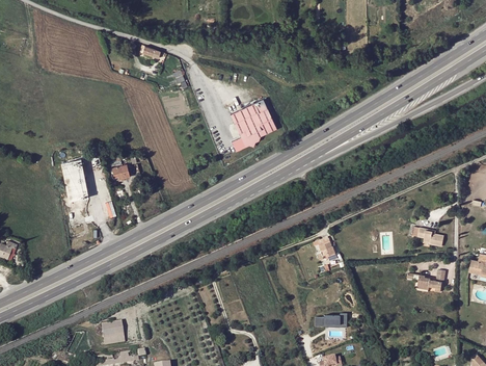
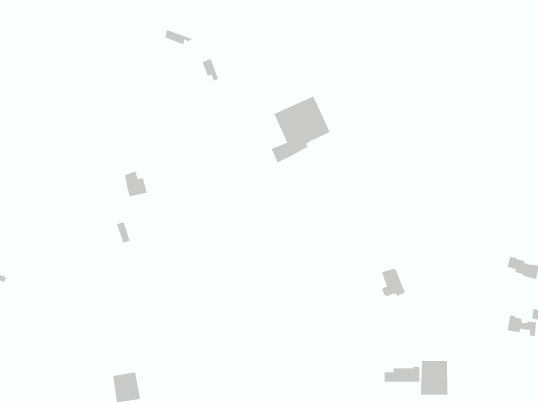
building: [61,159,88,201] -> none
building: none -> [420,360,448,396]

